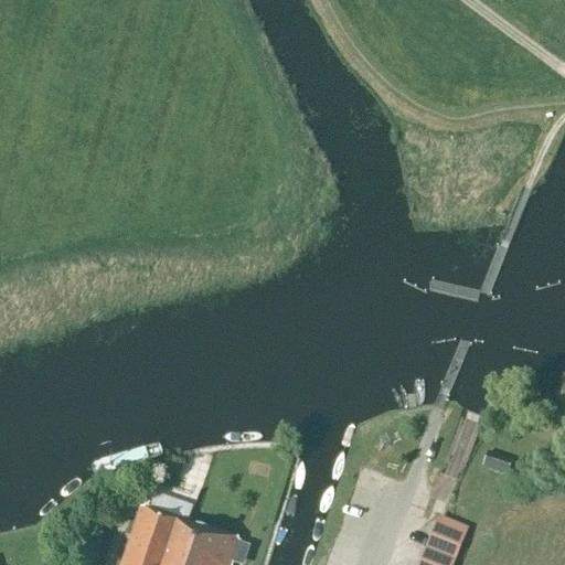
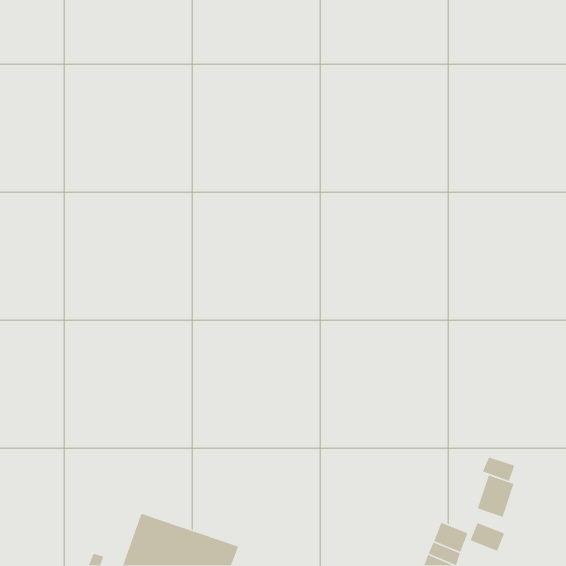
building: none -> [477,475,515,518]
building: none -> [469,522,505,552]

